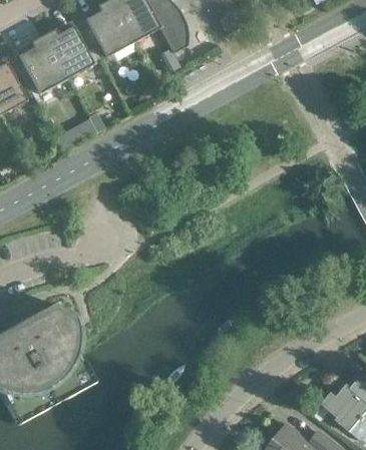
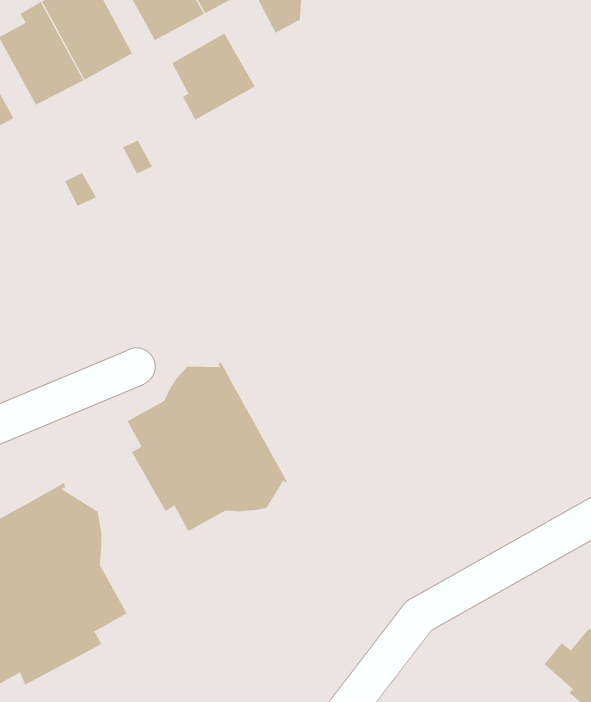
building: none -> [172,33,256,121]
building: none -> [127,361,288,532]

